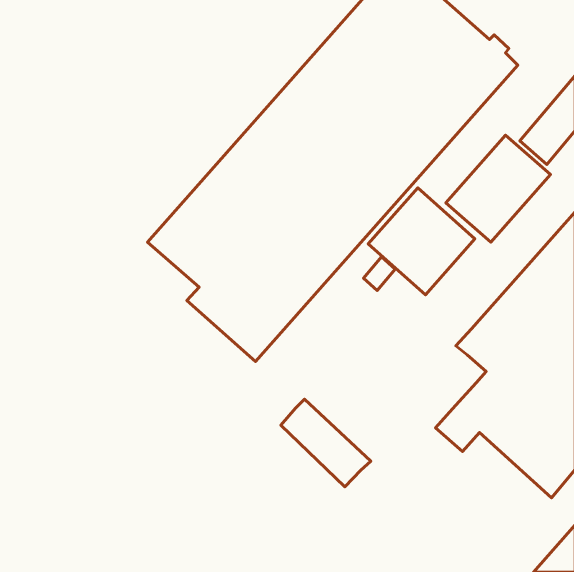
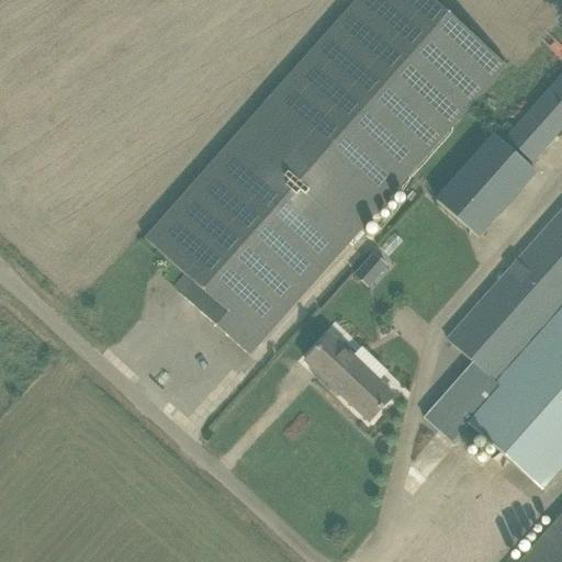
building: [368,188,475,295] -> none
building: [281,399,371,487] -> [306,333,394,418]

